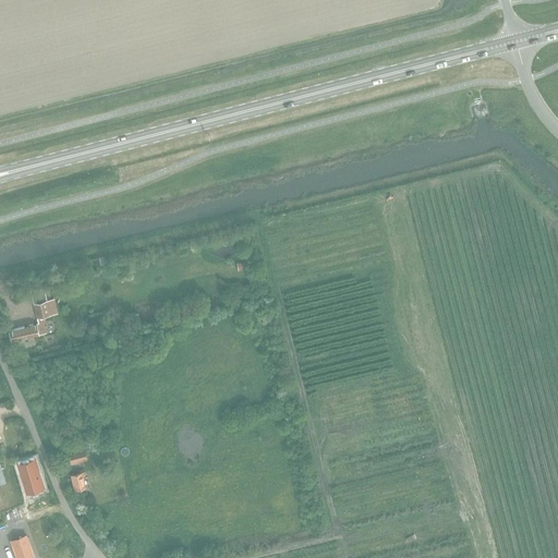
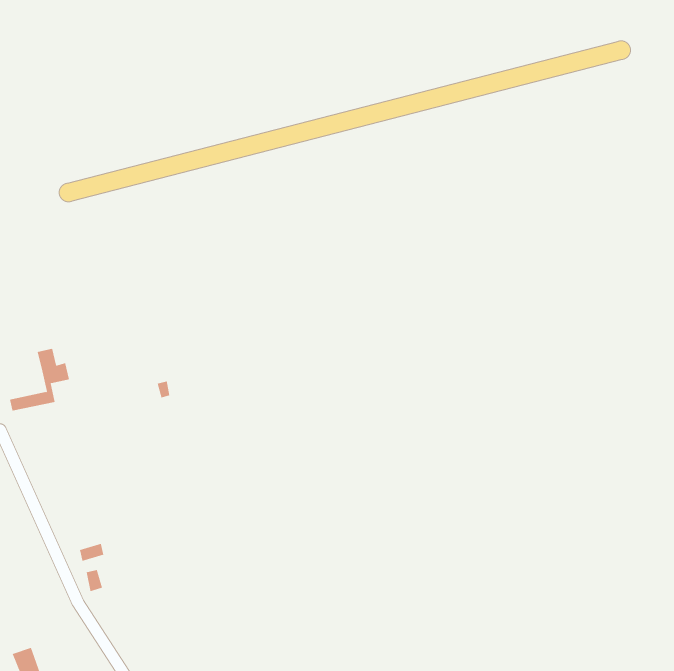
building: [17,460,44,495] -> none

